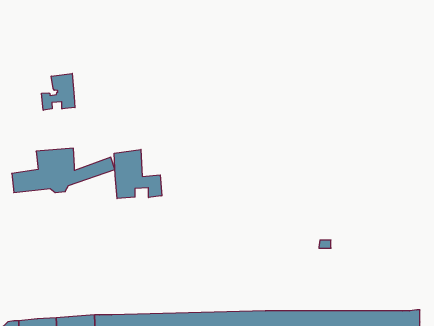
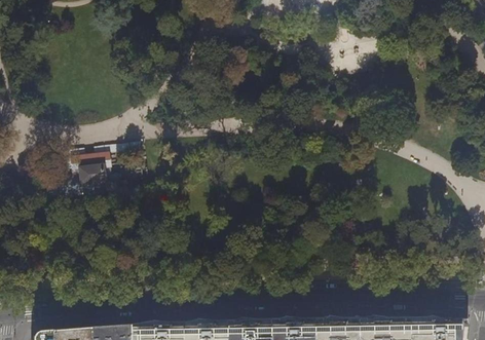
building: [42,73,75,110] -> none
building: [114,149,162,199] -> none

